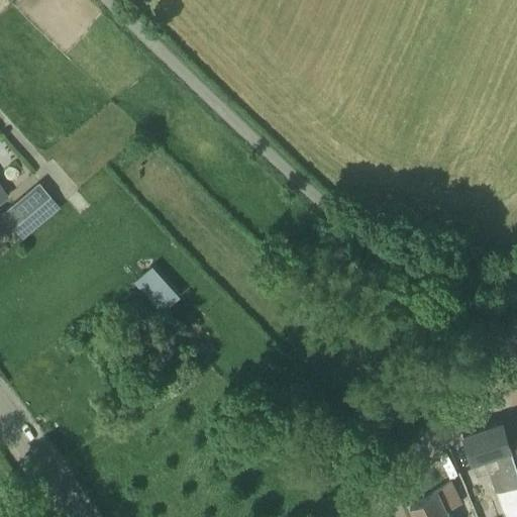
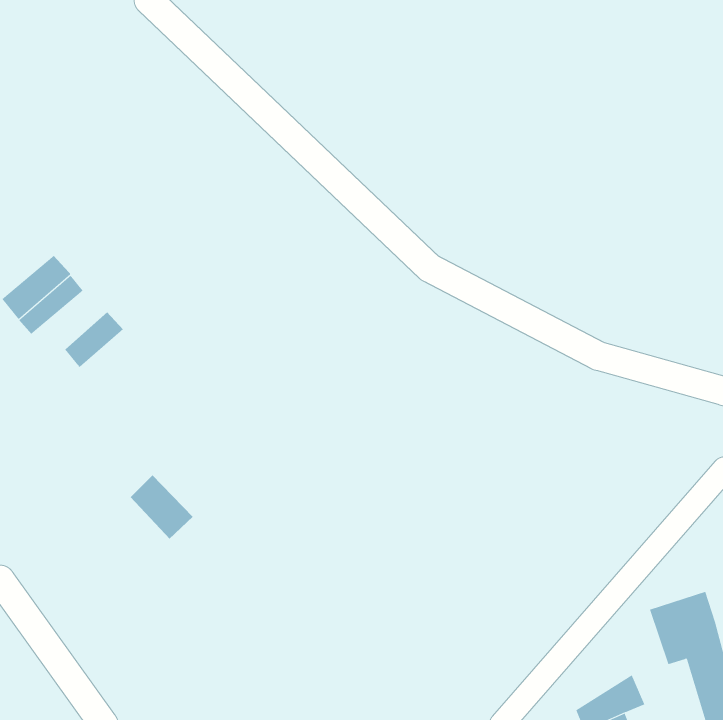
building: none -> [64,311,124,368]
building: [130,267,176,313] -> [130,474,193,540]

